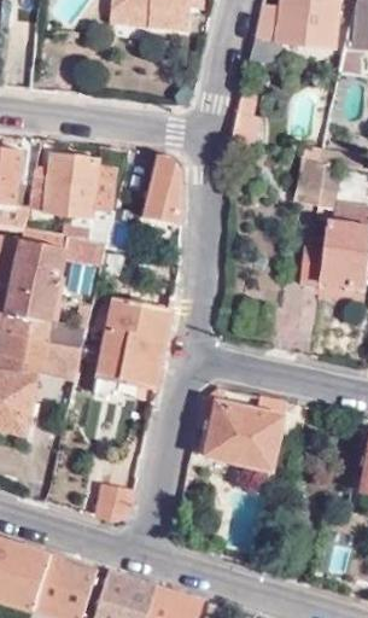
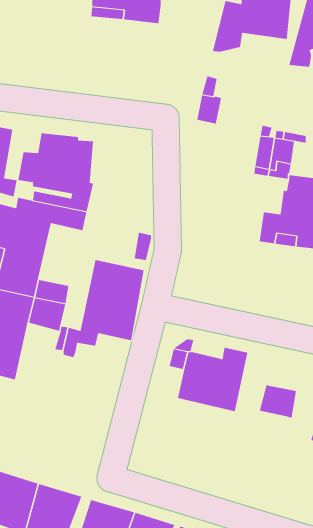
building: [139,153,186,228] -> none
building: none -> [259,384,296,418]
building: [90,483,129,526] -> none

